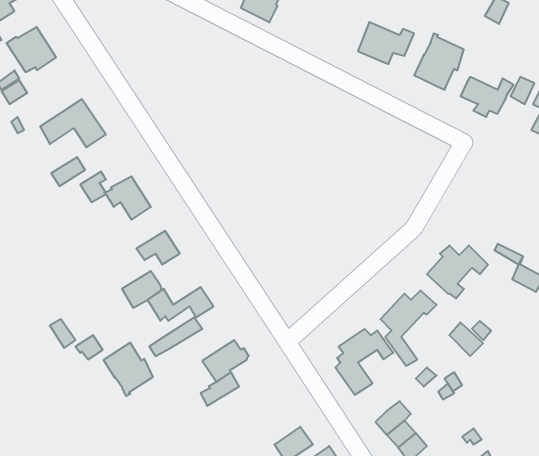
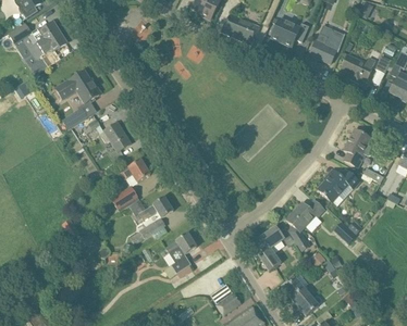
building: none -> [221,13,259,43]
building: none -> [344,128,377,166]
building: [103,343,153,396] -> none

